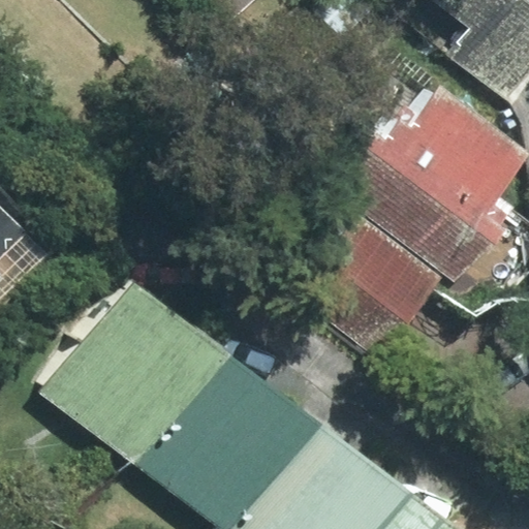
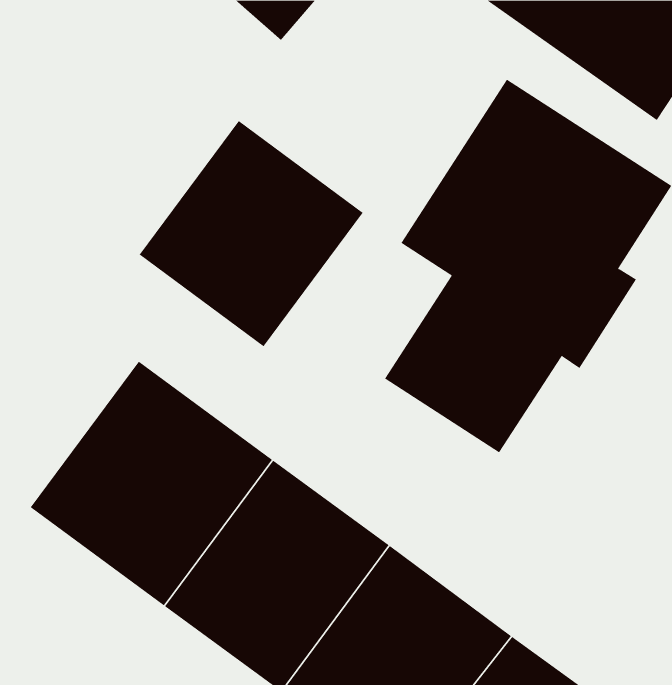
building: none -> [139,120,364,347]

